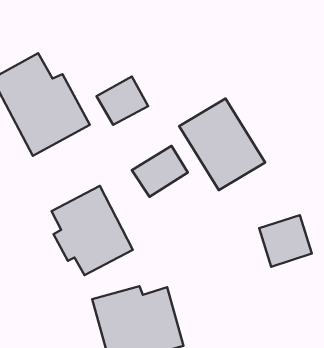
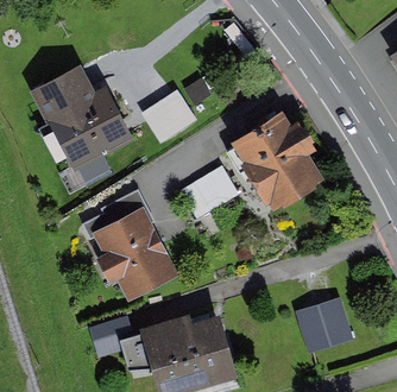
building: [259,215,312,267] -> [300,297,357,353]

